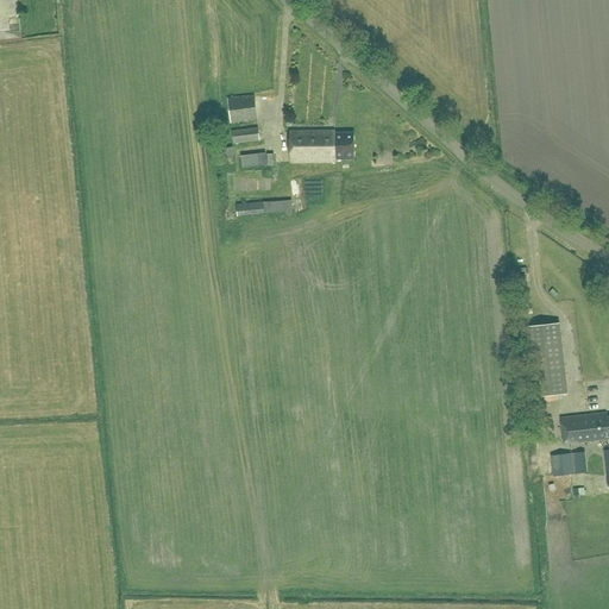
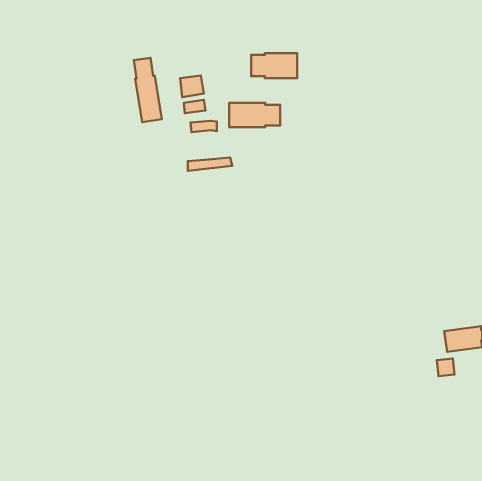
building: none -> [251,53,297,78]
building: none -> [134,58,162,122]
building: [526,322,566,397] -> none

